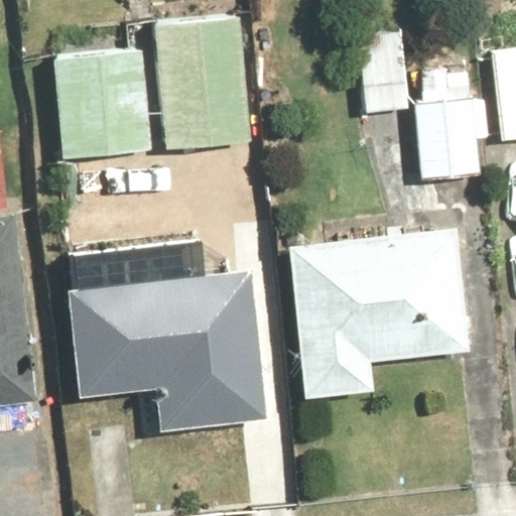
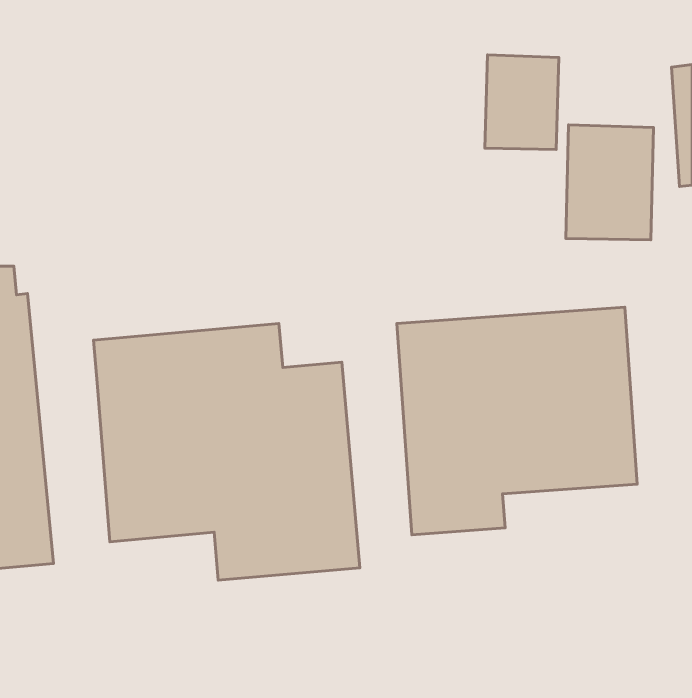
building: [151,9,250,148] -> none
building: [53,49,150,160] -> none

